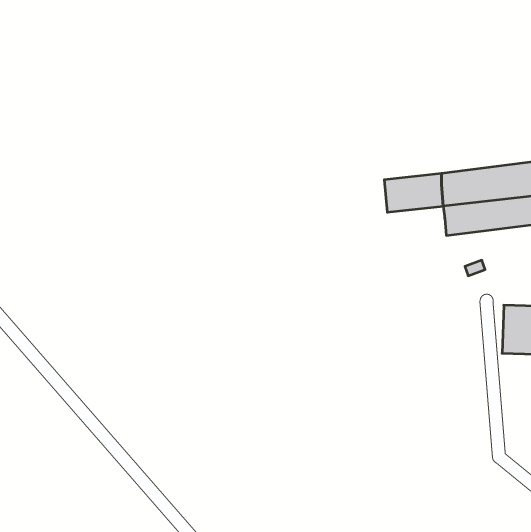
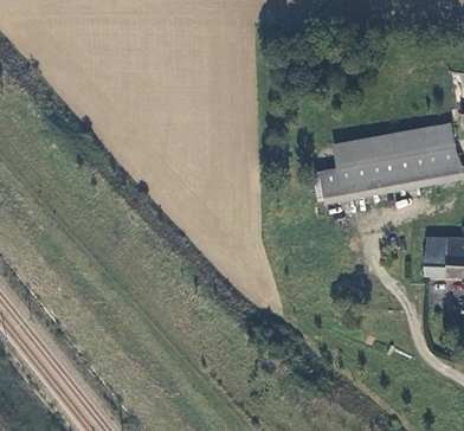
building: none -> [318,161,382,189]

